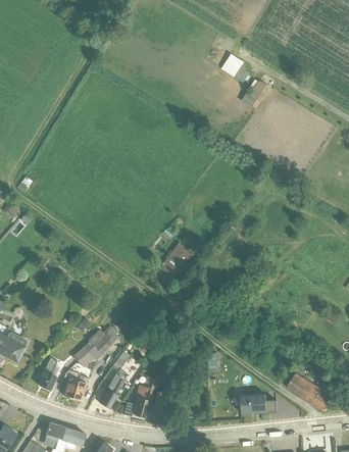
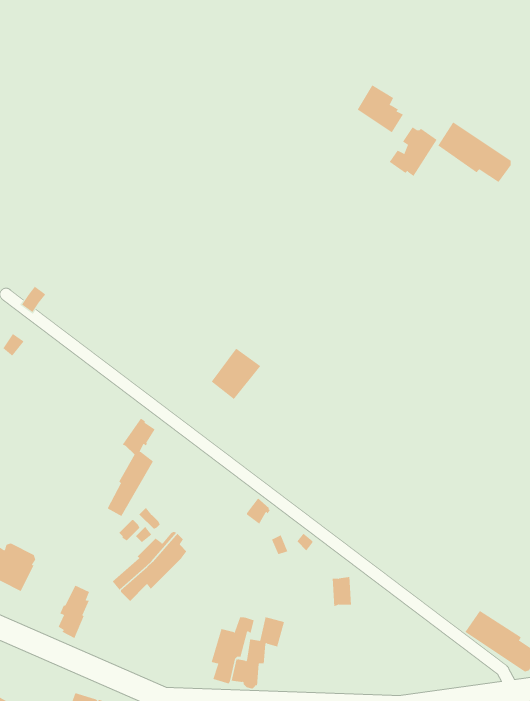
building: none -> [437,121,511,183]
building: [162,243,193,274] -> [211,348,261,400]
building: [99,349,129,409] -> [107,418,156,517]
building: [62,370,87,400] -> none
building: [240,394,277,413] -> none

